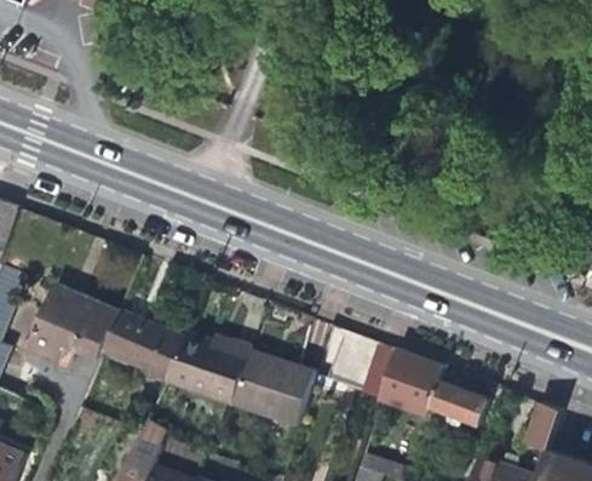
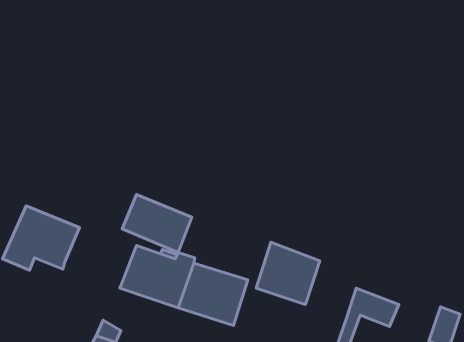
building: [100,310,182,378] -> [122,194,192,253]
building: [381,349,444,414] -> none

